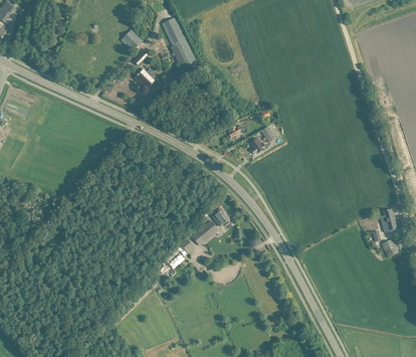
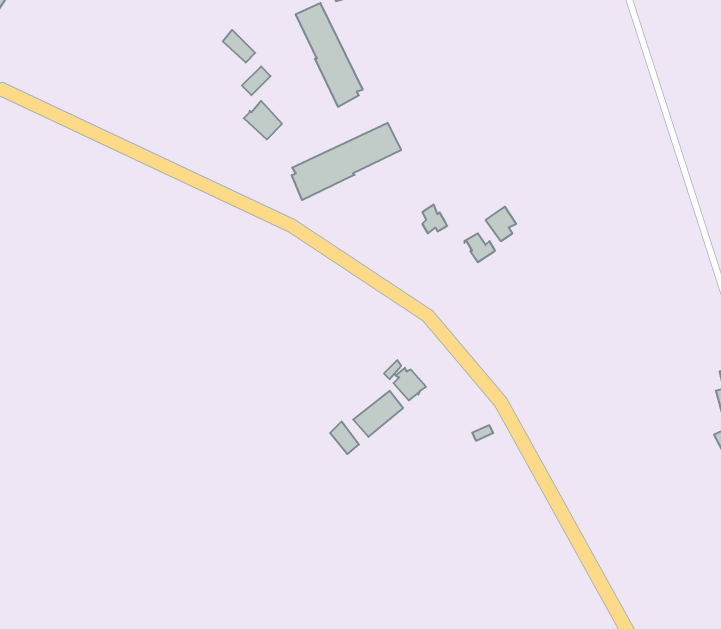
building: none -> [292,123,401,200]

